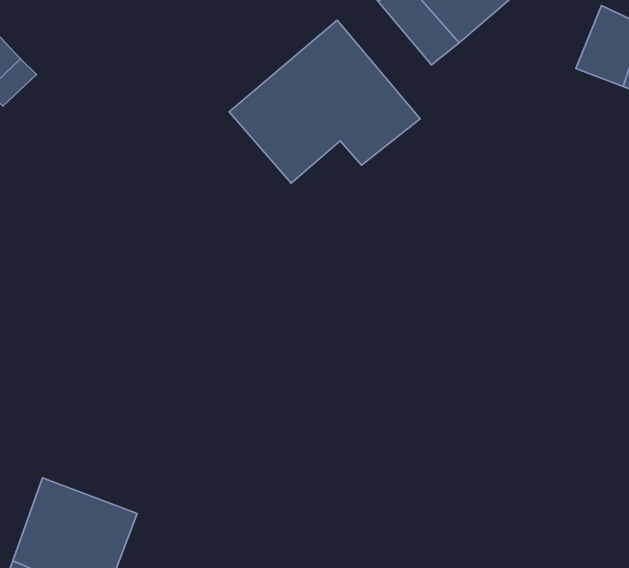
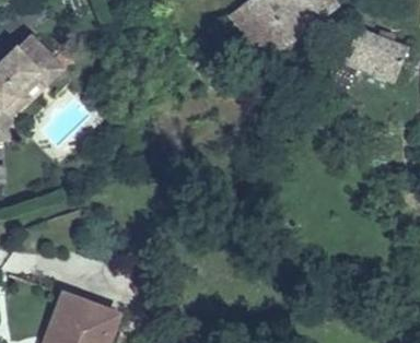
building: [229,20,420,183] -> none

